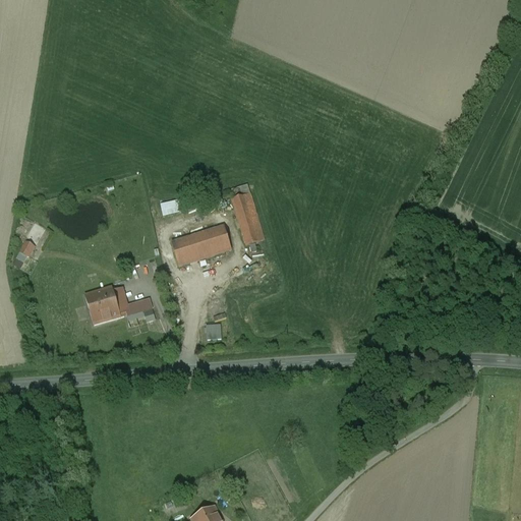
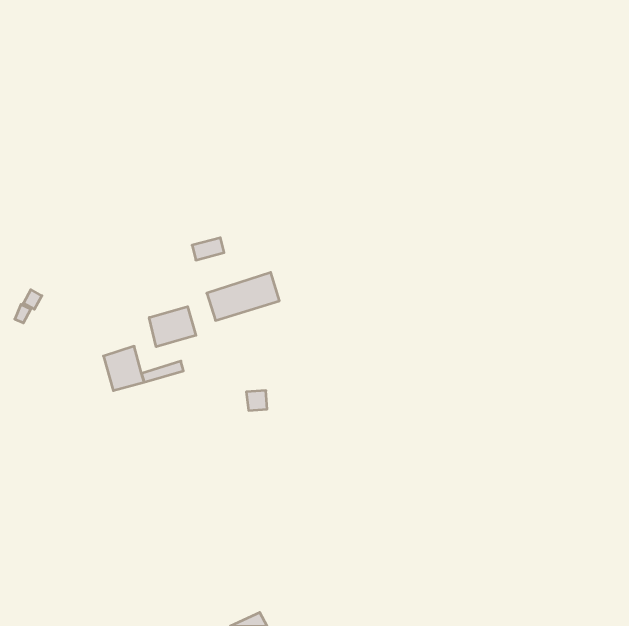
building: [231,191,264,243] -> none
building: none -> [149,307,196,347]

